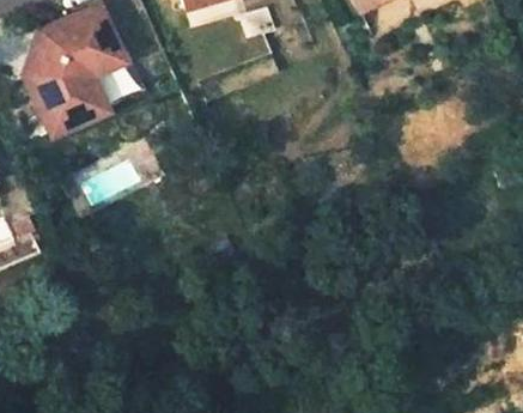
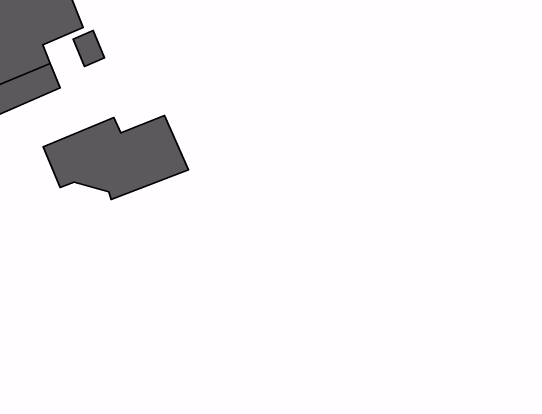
building: none -> [43,115,188,200]

